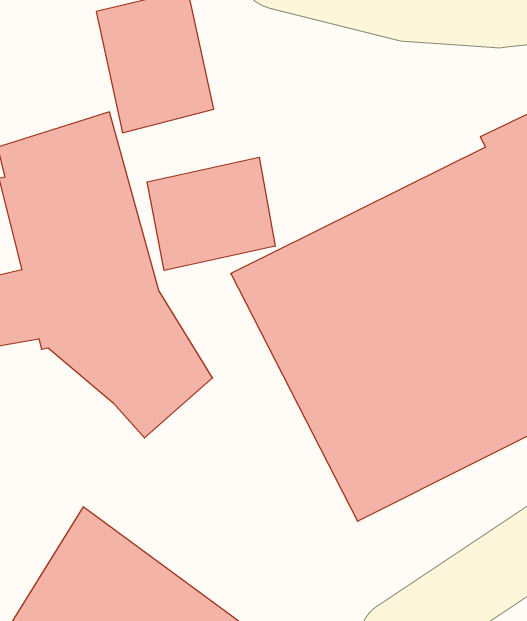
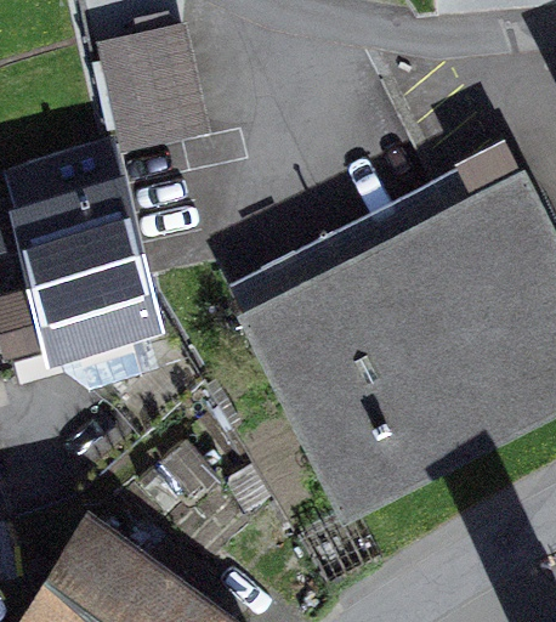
building: [147,157,275,270] -> none

